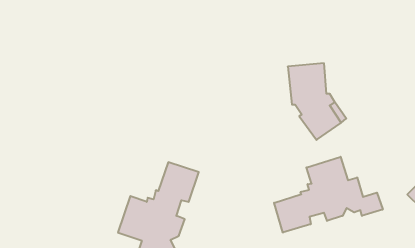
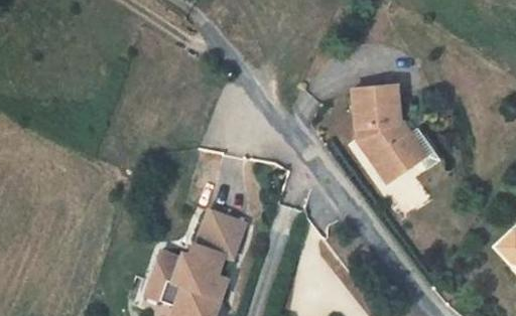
building: [274,157,383,233] -> none

